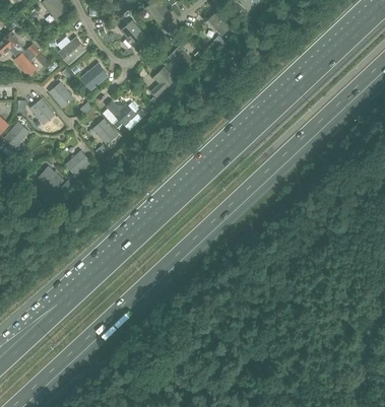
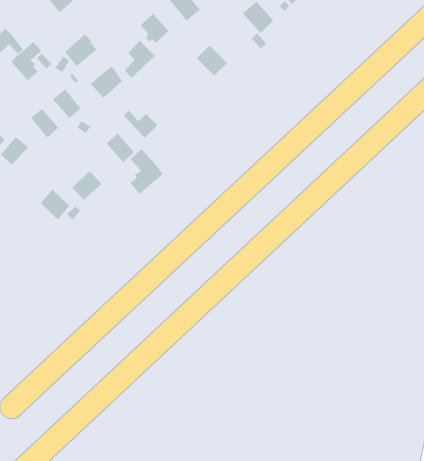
building: [149,66,176,98] -> [124,40,155,79]
building: none -> [129,148,163,195]

